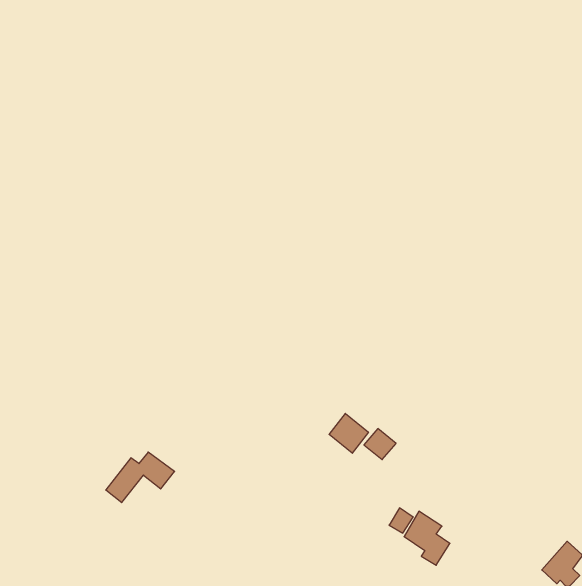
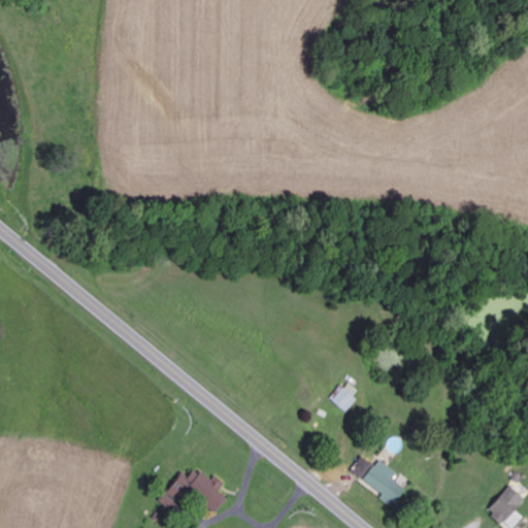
building: [329,413,368,453] -> none
building: [106,452,175,503] -> [158,467,220,513]

